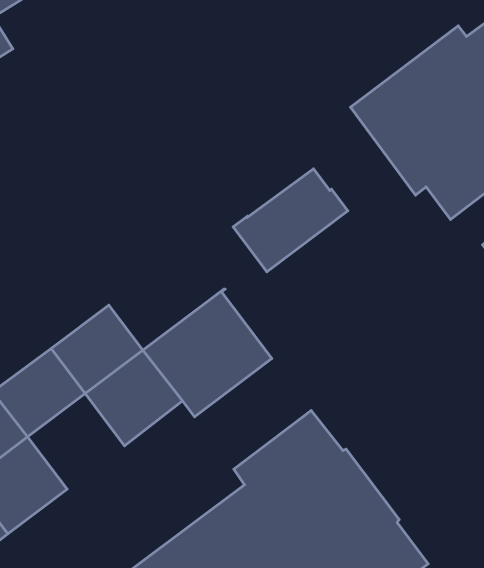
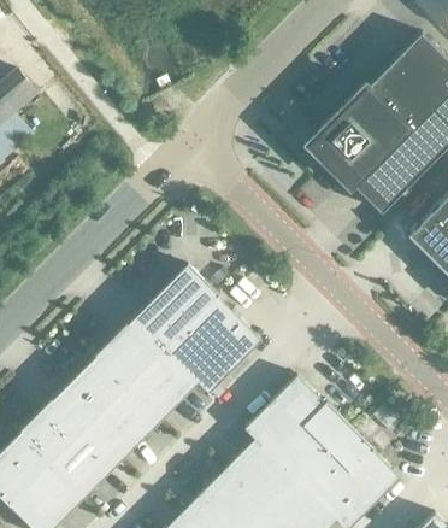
building: [233,169,348,272] -> [134,266,218,348]
building: none -> [87,387,160,460]

